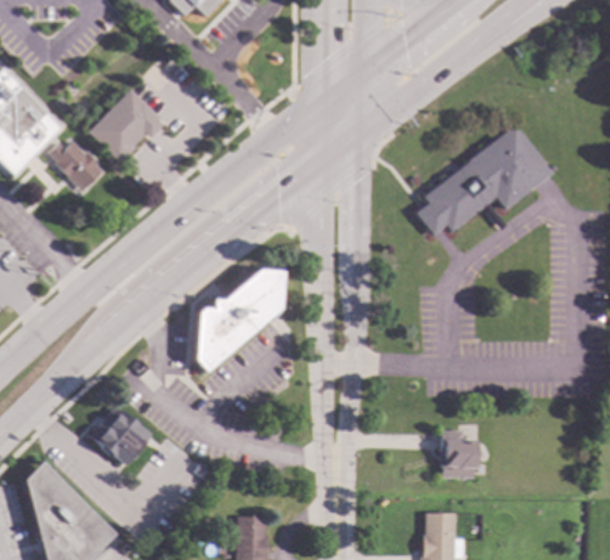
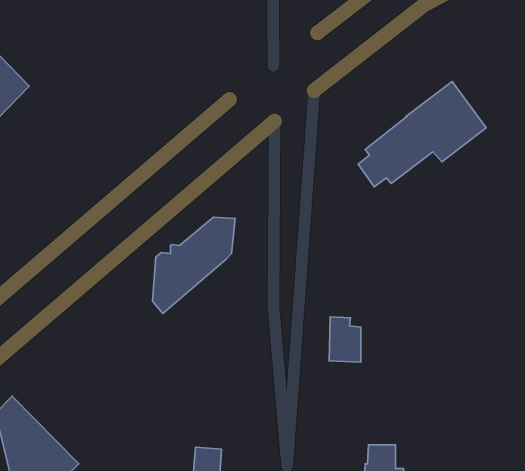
building: [89,89,164,164] -> none
building: [50,141,105,191] -> none
building: [91,406,151,465] -> none
building: [439,429,473,477] -> [329,317,361,362]

